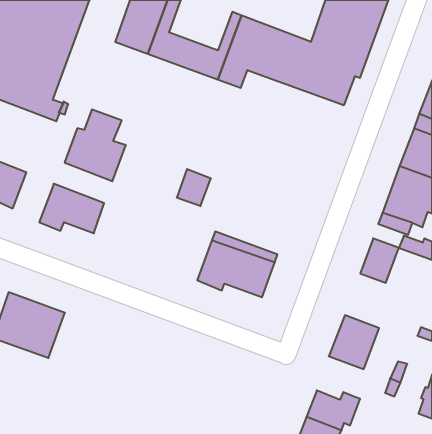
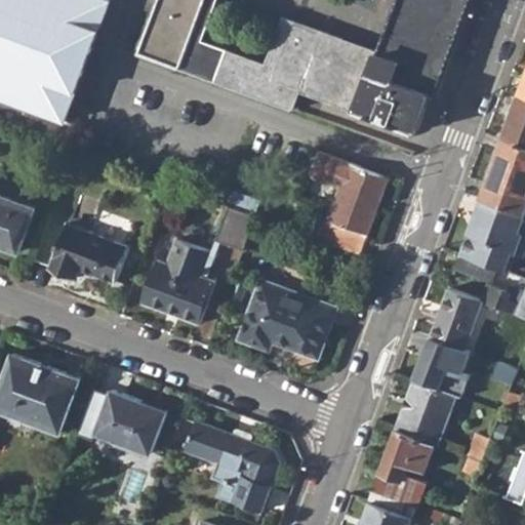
building: [65,109,126,181] -> [138,240,212,326]
building: none -> [306,152,387,255]
building: none -> [416,338,469,383]
building: none -> [93,390,164,454]
building: none -> [184,421,276,512]
building: none -> [380,431,437,483]

